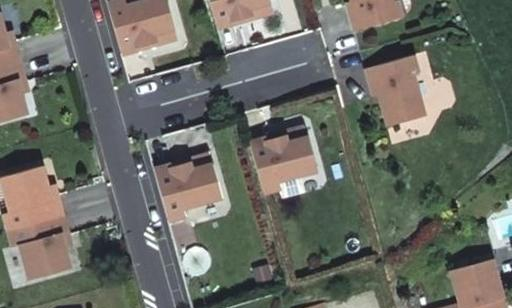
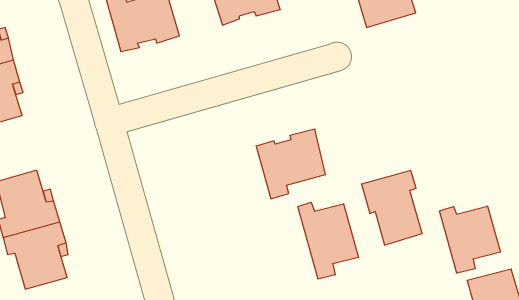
building: [366,55,424,126] -> [361,170,422,245]
building: [154,153,222,220] -> none
building: none -> [298,202,359,279]
building: none -> [439,206,500,273]

